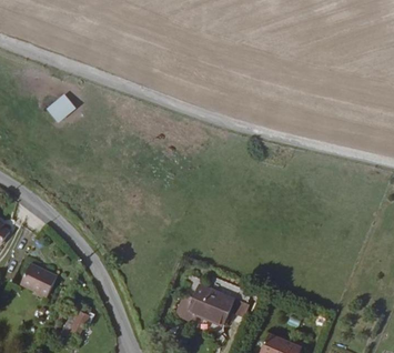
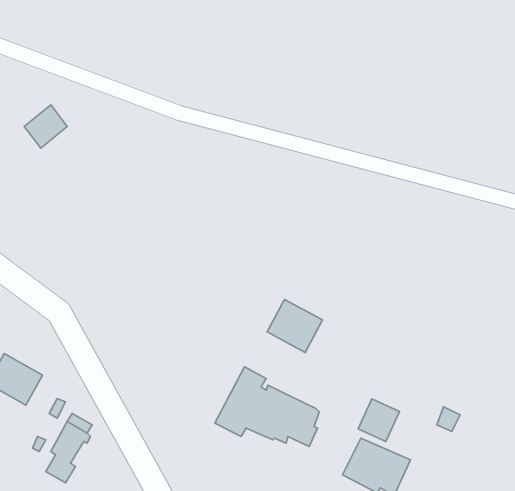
building: none -> [267,299,323,352]
building: none -> [358,399,399,442]

